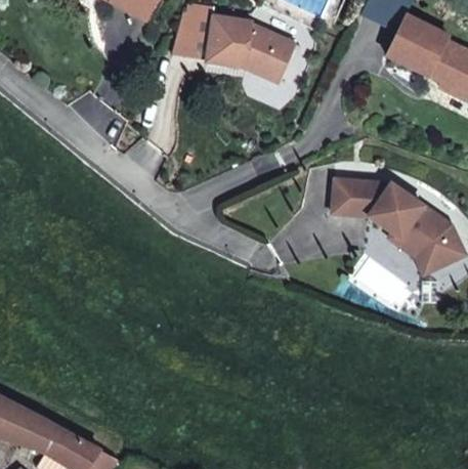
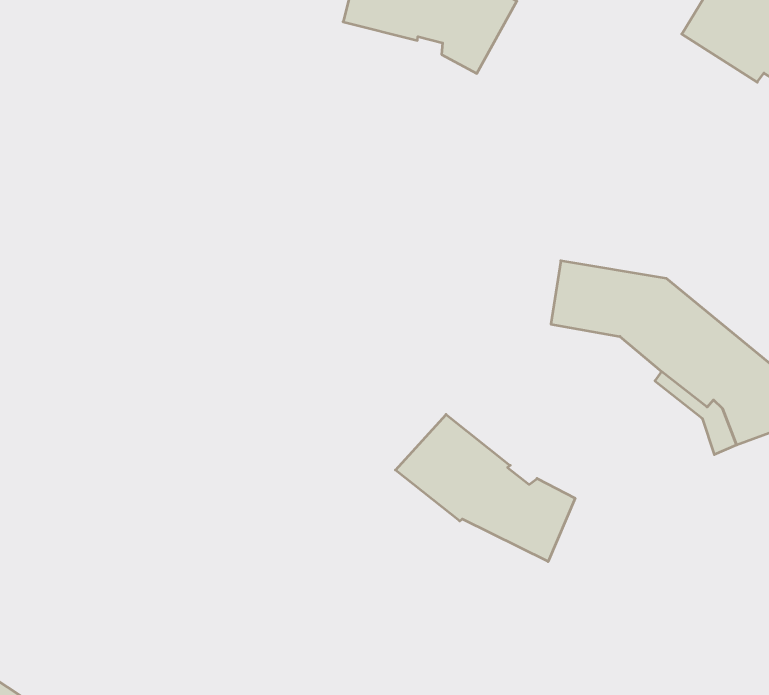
building: none -> [395,414,575,562]

